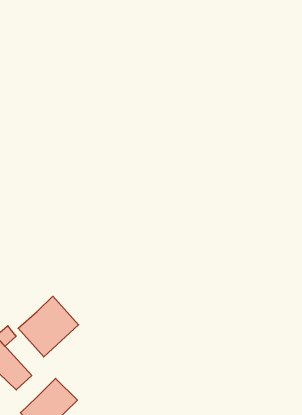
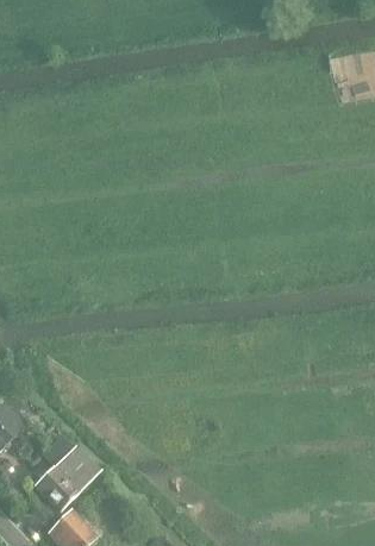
building: [18,296,79,357] -> none

